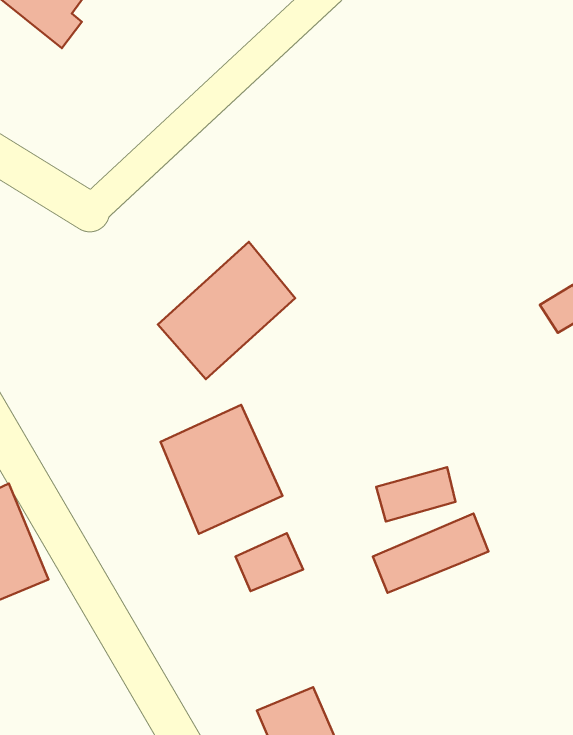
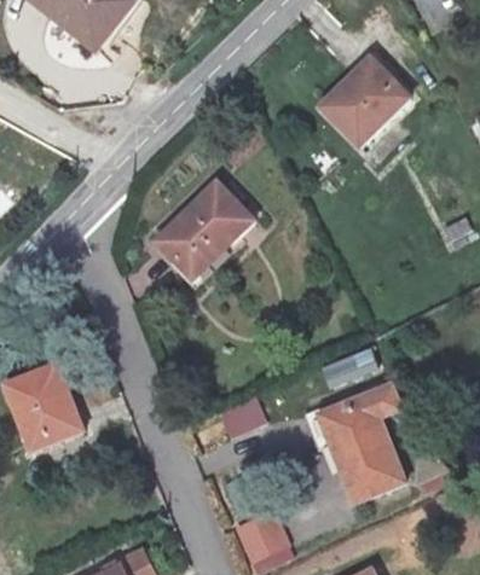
building: none -> [319,59,410,150]
building: [161,405,283,534] -> none
building: none -> [328,418,409,506]

